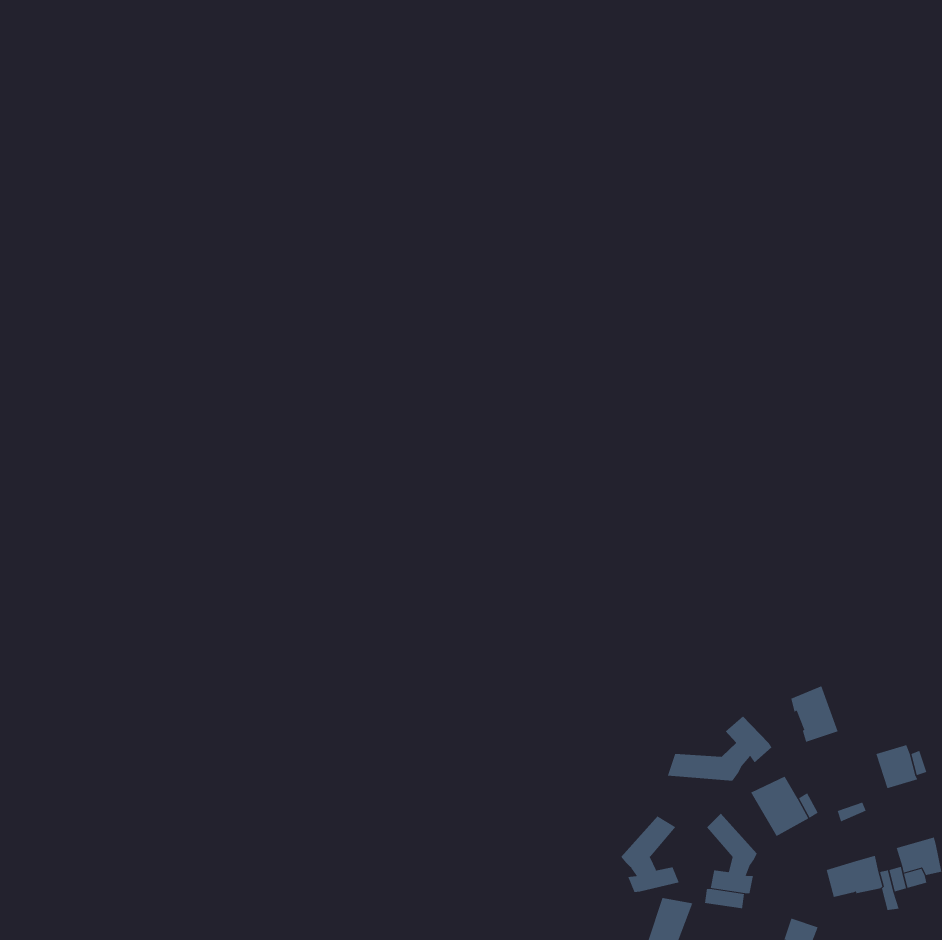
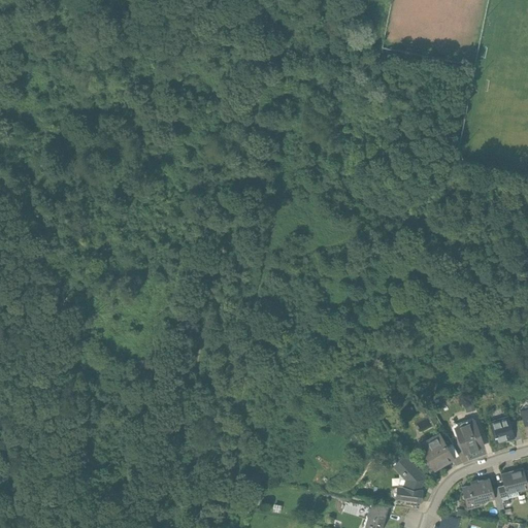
building: [791,685,839,743] -> [456,422,483,454]
building: [667,715,772,781] -> none
building: [621,815,679,893] -> none

